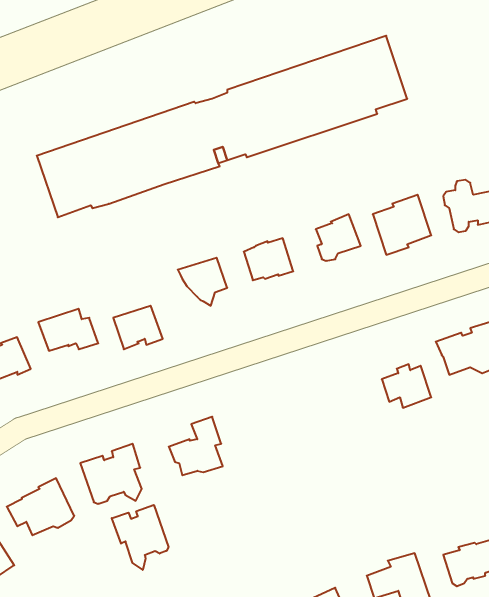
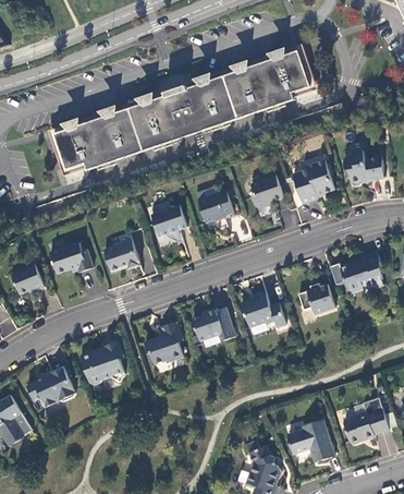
building: none -> [241,291,285,327]
building: none -> [192,306,235,340]
building: [112,505,168,570] -> none

